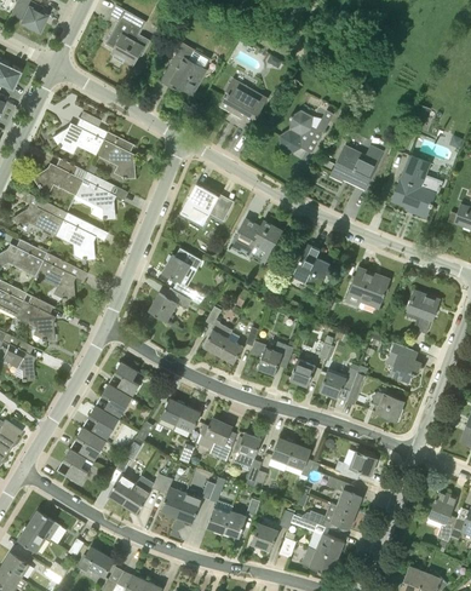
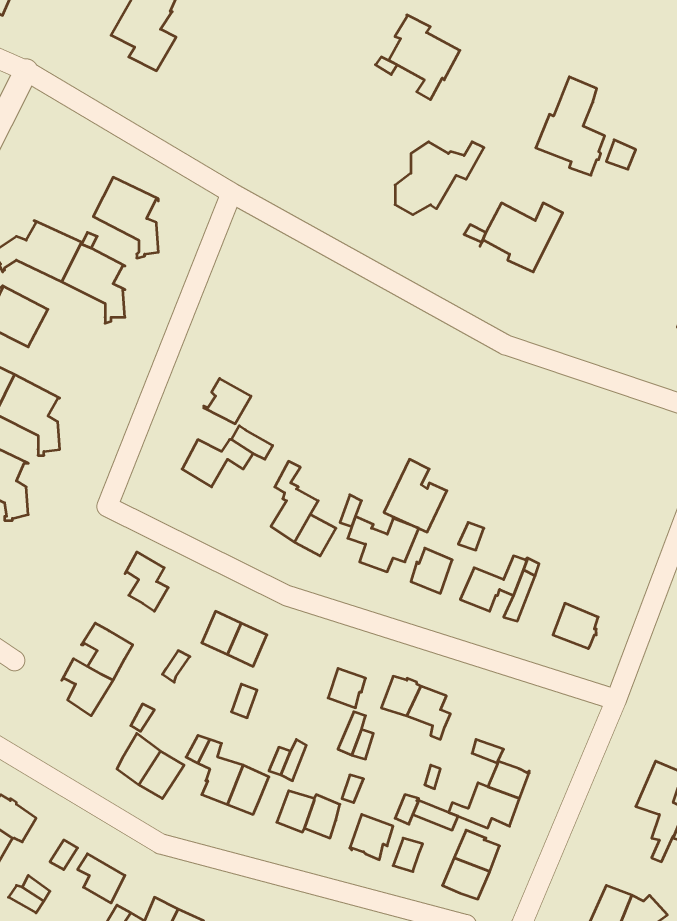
building: [161,42,206,93] -> none
building: [222,78,265,130] -> [389,15,460,100]
building: [53,117,107,155] -> none
building: [392,156,435,217] -> [536,77,605,175]
building: [183,183,219,216] -> none
building: [54,212,94,260] -> none
building: [231,218,281,254] -> none
building: [292,243,331,288] -> [384,459,447,532]
building: [345,266,389,305] -> none
building: [408,289,440,333] -> none
building: [386,343,421,381] -> none
building: [100,383,132,418] -> none
building: [200,418,232,460] -> none
building: [57,448,93,484] -> none
building: [335,451,377,478] -> none

